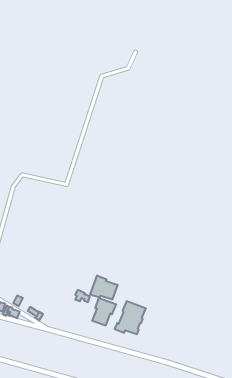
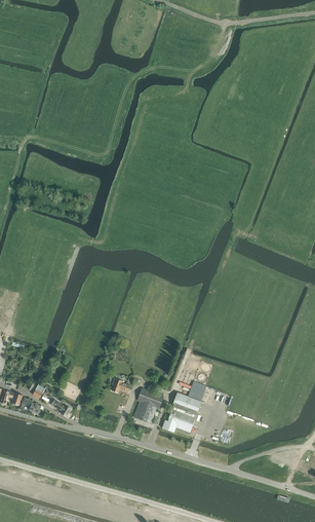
building: [90,275,118,300] -> none

